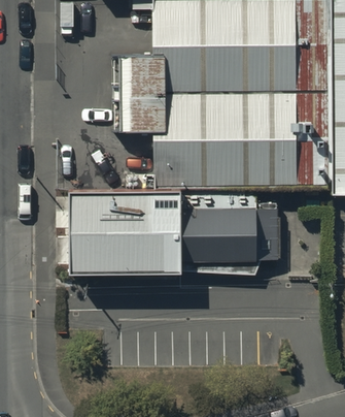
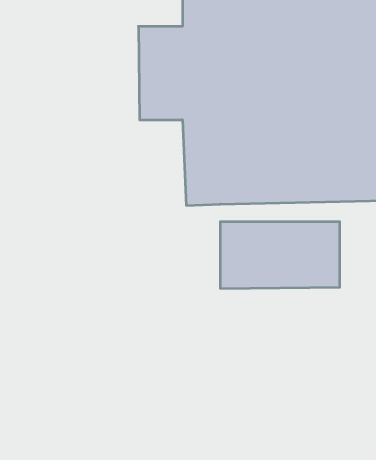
building: [69,195,181,276] -> none

